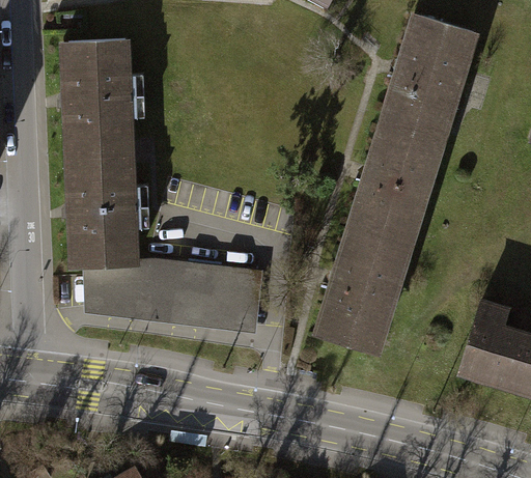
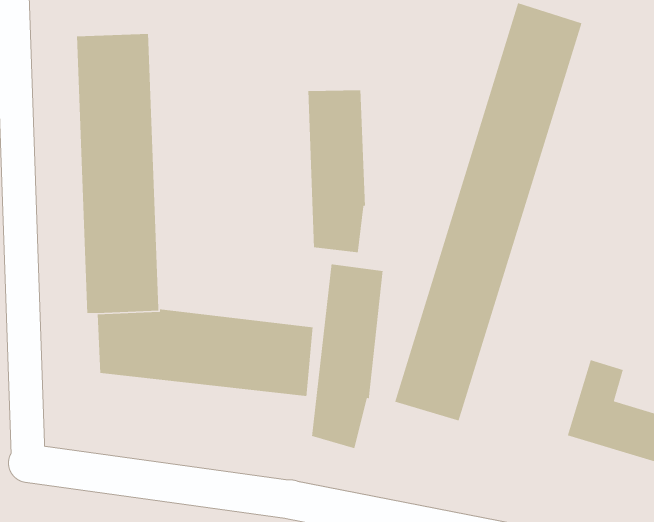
building: none -> [307,90,366,253]
building: none -> [311,263,383,449]

